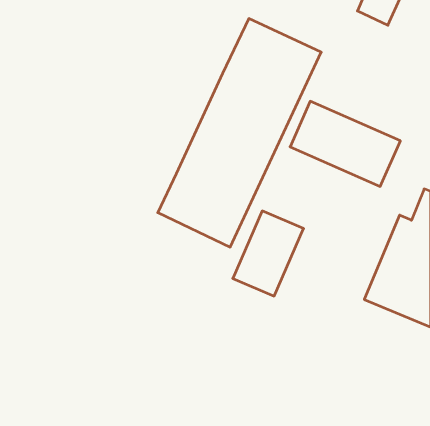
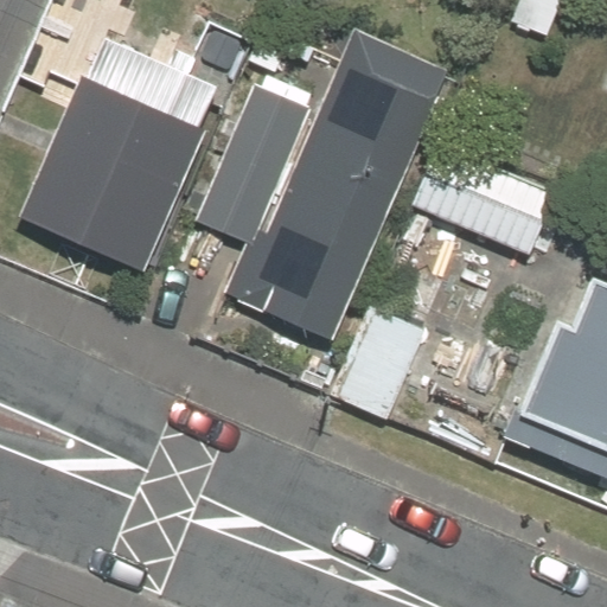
building: none -> [18,36,229,275]
building: none -> [189,75,314,244]

